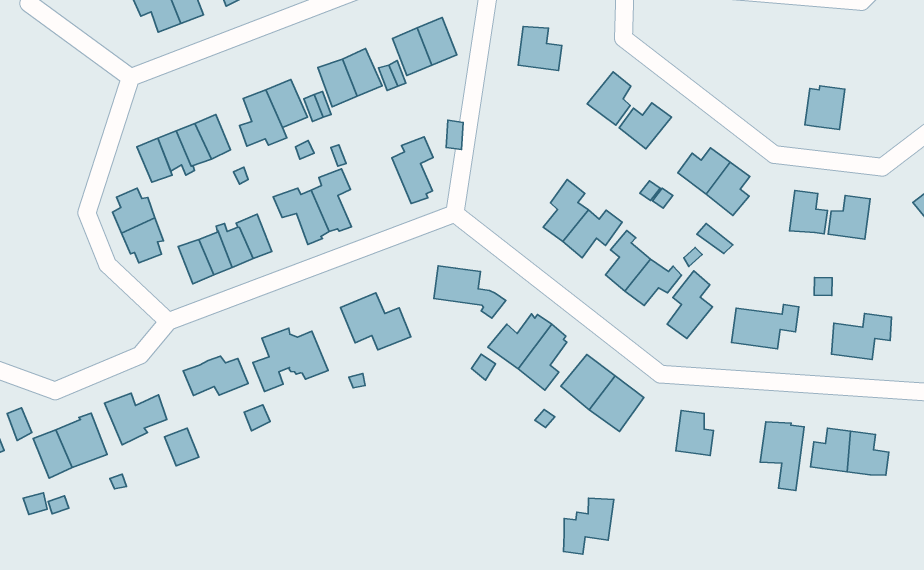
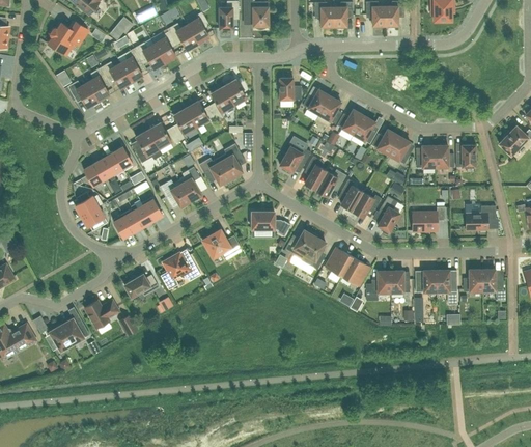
building: none -> [302,86,330,114]
building: [805,86,845,130] -> [416,145,435,167]
building: none -> [353,115,378,143]
building: none -> [279,143,310,172]
building: none -> [199,157,232,185]
building: none -> [415,270,436,291]
building: [564,498,614,554] -> [365,270,390,301]

